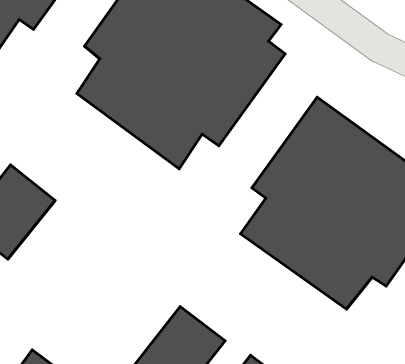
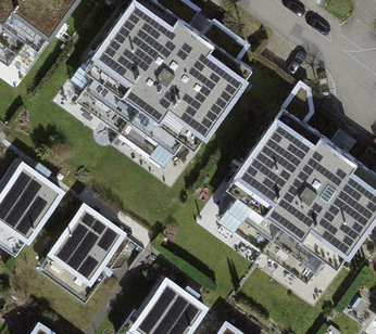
building: none -> [45,210,123,291]

